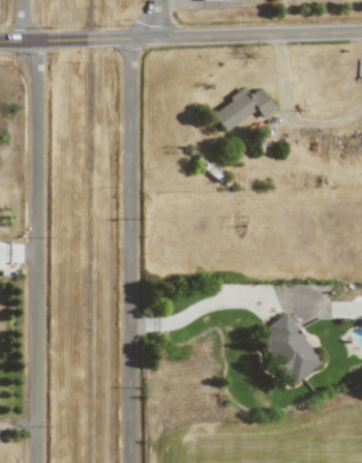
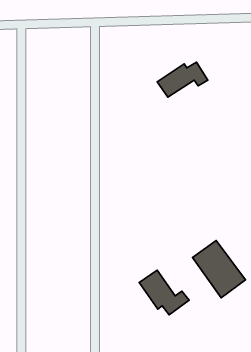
building: none -> [139,270,189,315]

